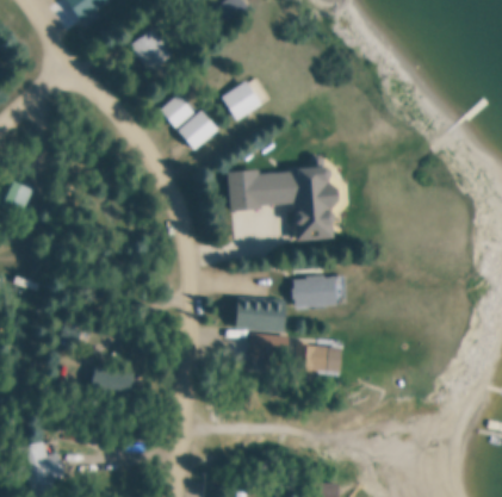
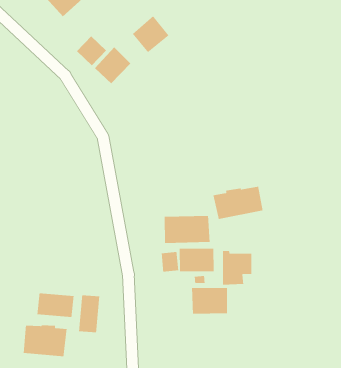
building: [227,162,342,240] -> none
building: none -> [78,294,100,333]
building: none -> [191,287,228,314]
building: none -> [23,324,68,357]

